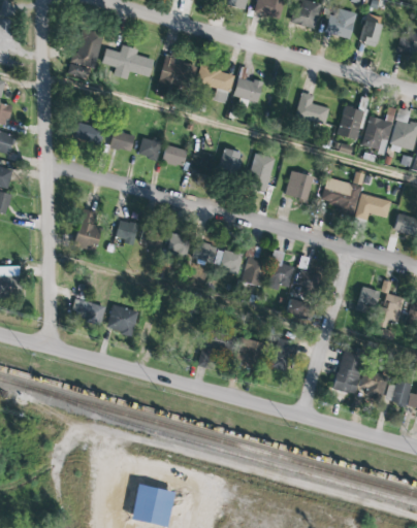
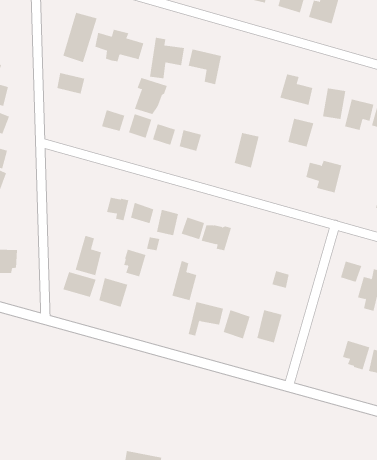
building: [361,20,384,45] -> none
building: [233,67,263,109] -> none
building: none -> [134,77,167,115]
building: [75,122,105,144] -> [56,72,85,94]
building: [217,146,243,176] -> none
building: [285,169,313,199] -> [287,118,314,147]
building: [356,193,389,221] -> none
building: [73,208,101,251] -> [75,235,102,276]
building: [240,244,267,287] -> [171,260,197,301]
building: [265,250,294,291] -> none
building: [296,268,321,294] -> none
building: none -> [123,249,146,277]
building: [332,345,367,395] -> none

